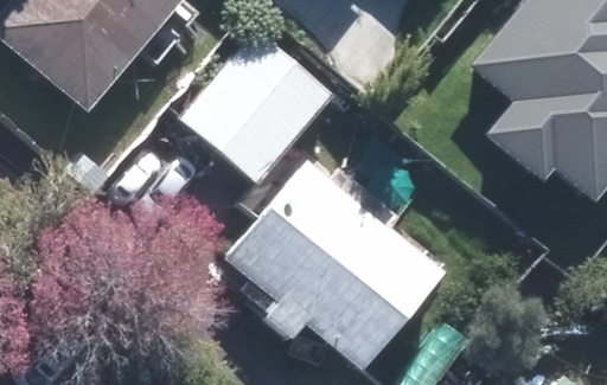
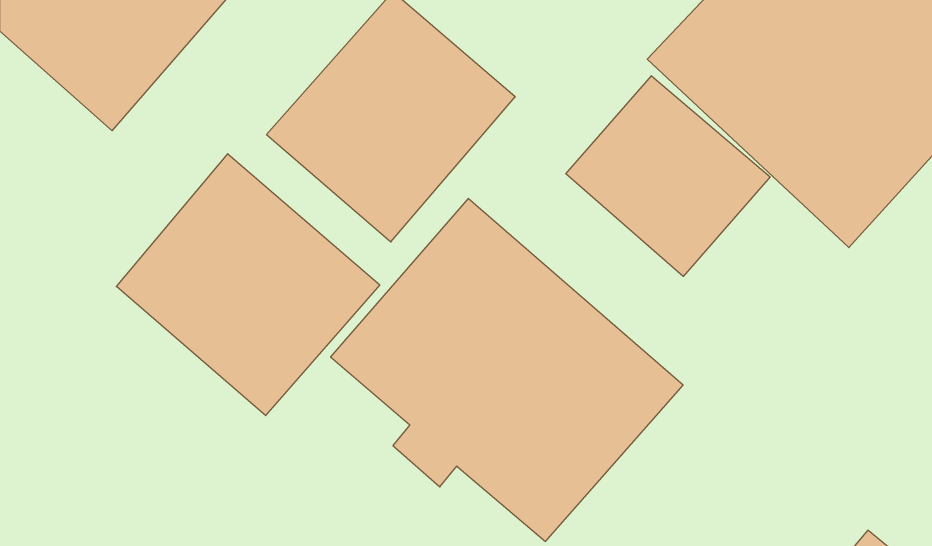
building: none -> [566,76,770,276]
building: none -> [116,154,380,416]

